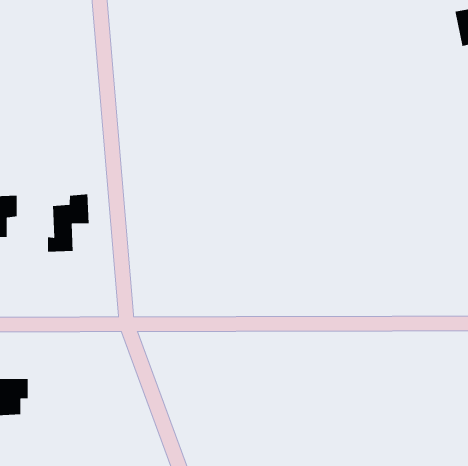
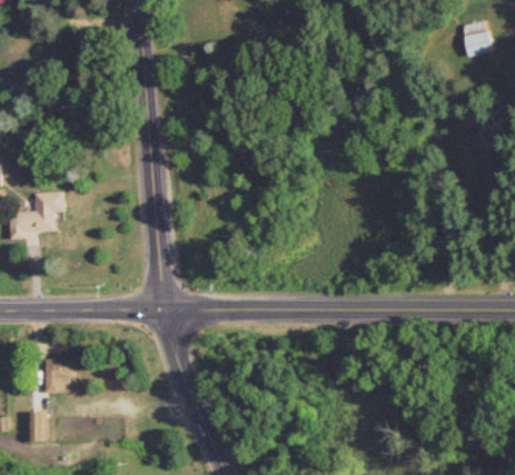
building: [47,194,90,252] -> none

